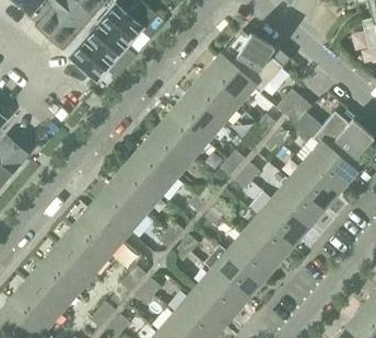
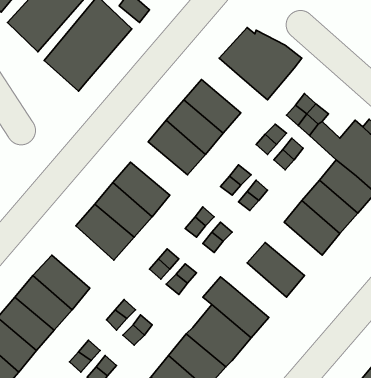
building: [203,57,252,104] -> none
building: [142,129,191,175] -> none
building: [258,198,307,244] -> none
building: [74,201,128,255] -> none
building: [227,233,277,280] -> none

